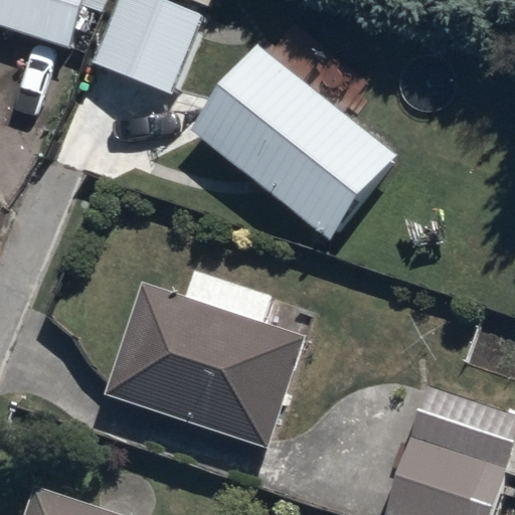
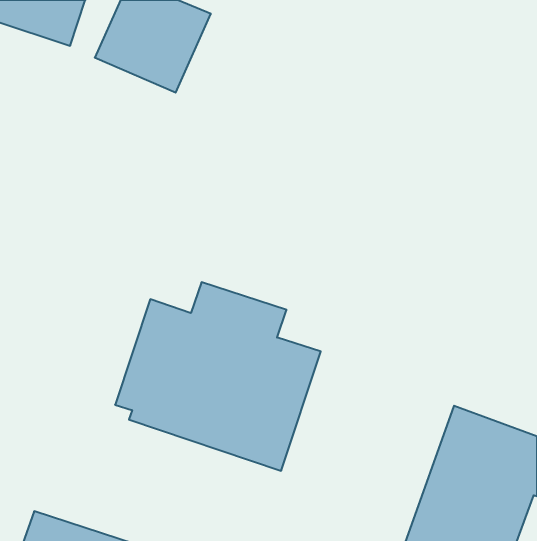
building: [191,45,396,240] -> none

